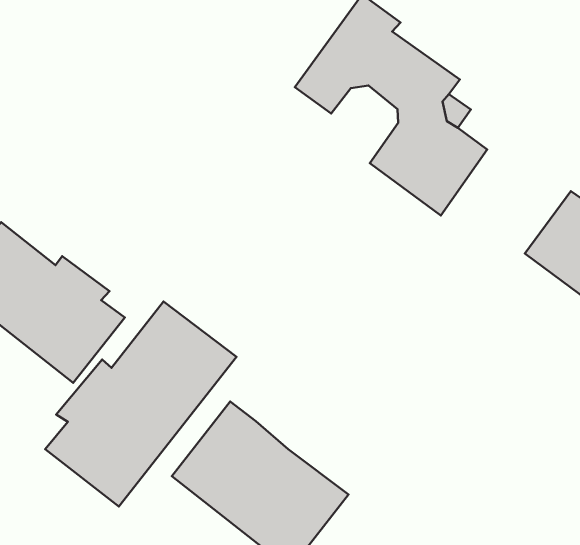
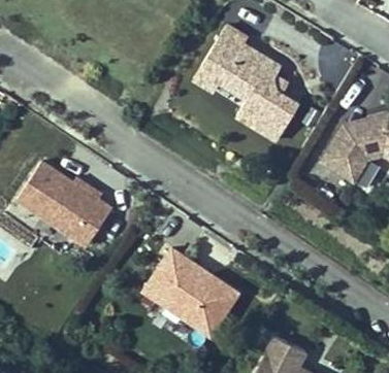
building: [45,301,236,507] -> none

